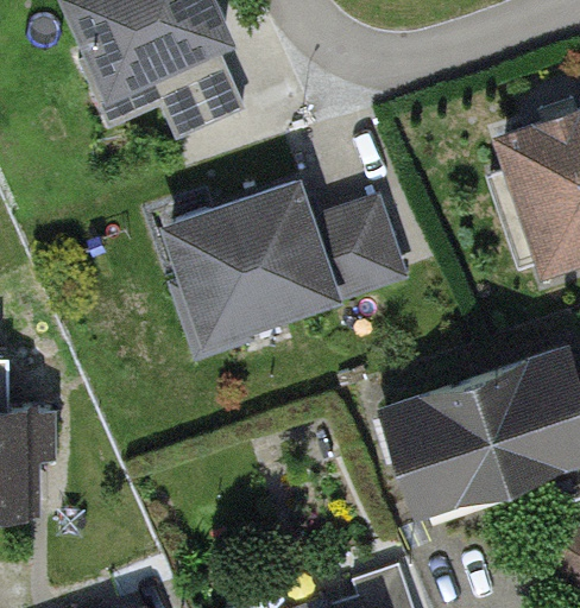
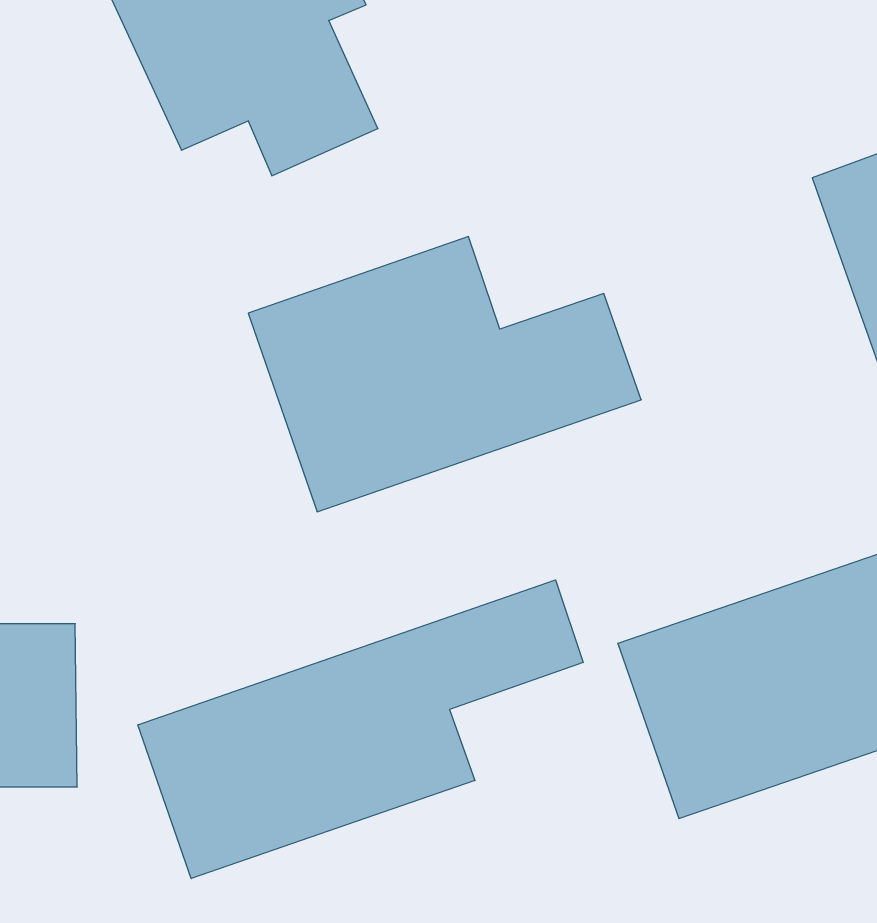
building: none -> [138,580,583,879]

